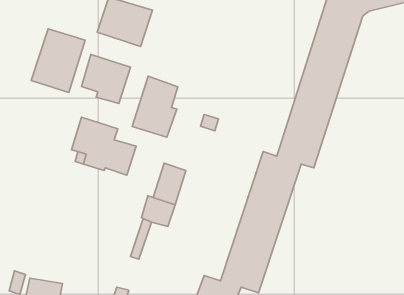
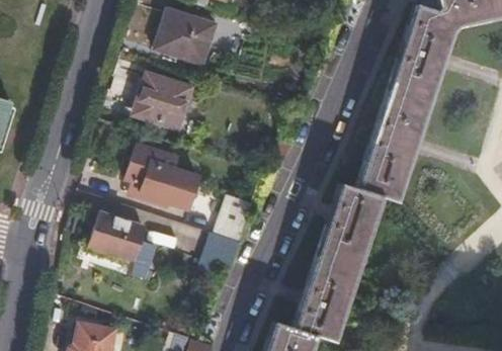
building: [31,29,85,92] -> none
building: [132,76,178,137] -> none
building: none -> [92,212,156,280]

